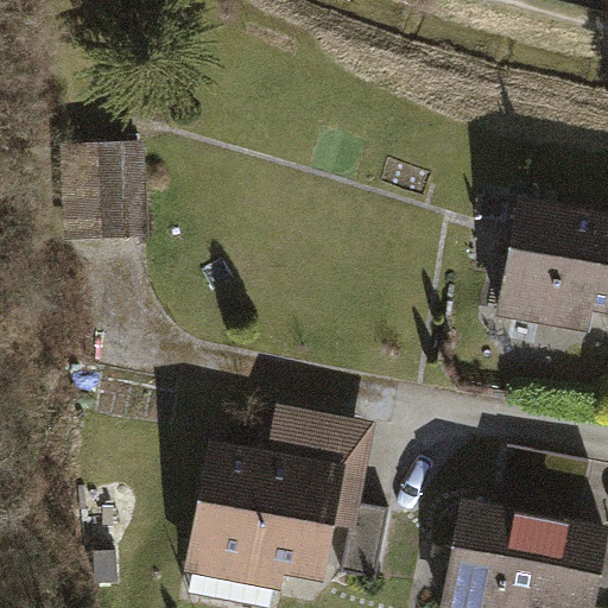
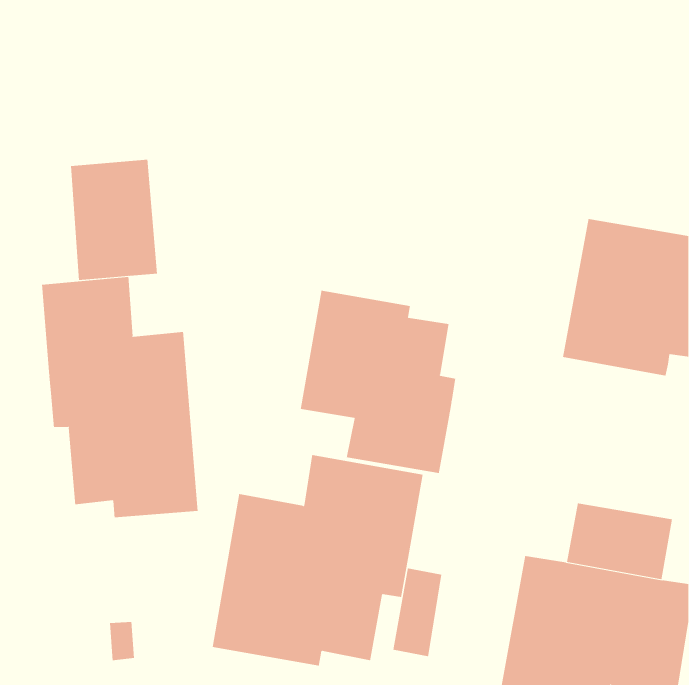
building: none -> [42,276,198,518]
building: none -> [300,290,456,474]

